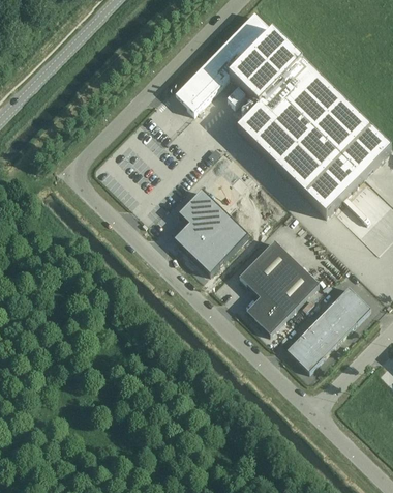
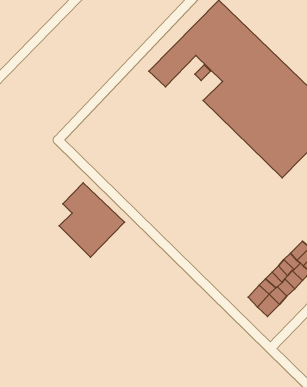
building: [175,190,248,273] -> [59,183,124,257]
building: [239,240,319,334] -> none

